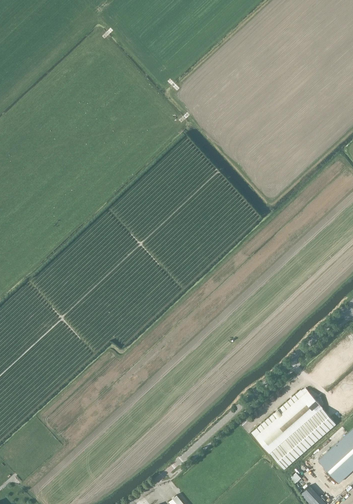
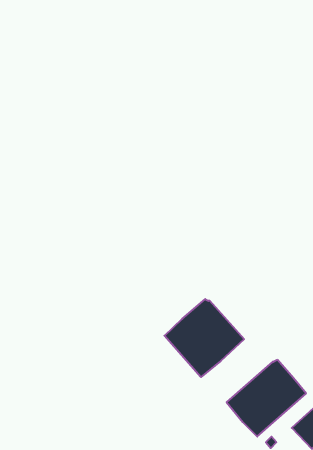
building: none -> [164,299,244,377]

